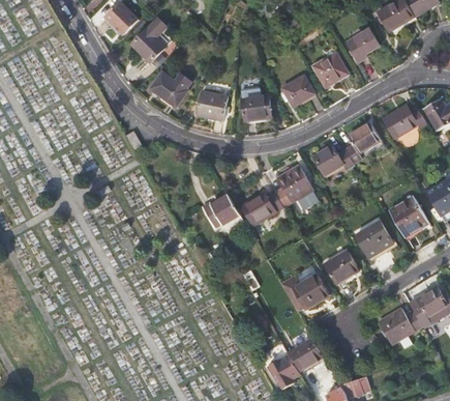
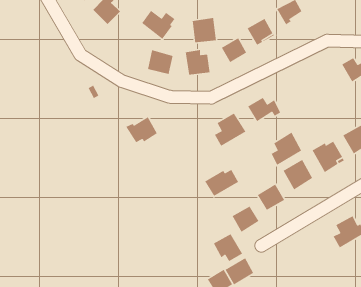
building: none -> [192,17,217,43]
building: [149,70,189,106] -> [141,10,176,40]
building: [383,106,425,138] -> none
building: [346,123,383,164] -> [271,132,302,166]
building: [241,190,282,223] -> [204,169,239,197]
building: [201,194,239,226] -> [125,116,158,143]
building: [379,307,422,345] -> none
building: none -> [213,233,243,262]

